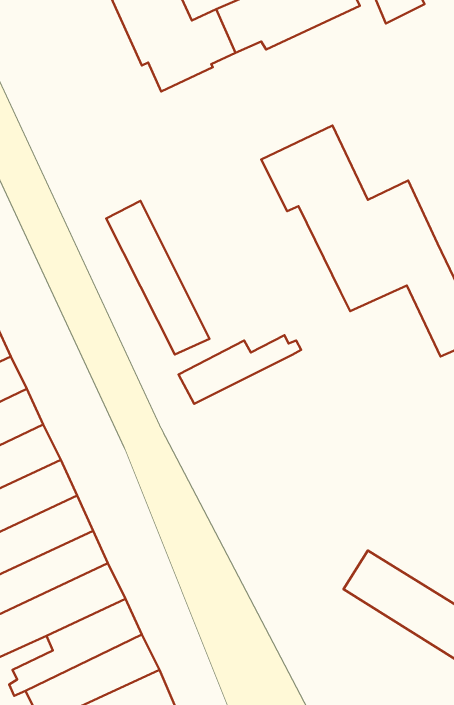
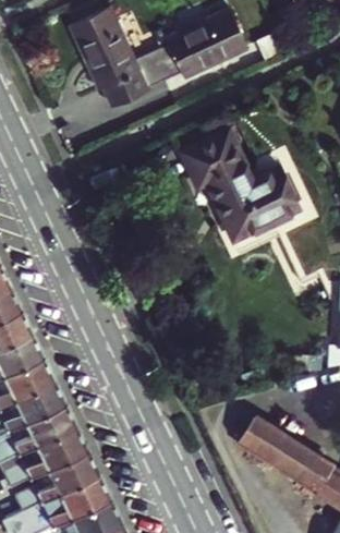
building: [106,201,210,354] -> none
building: [178,335,301,404] -> none

